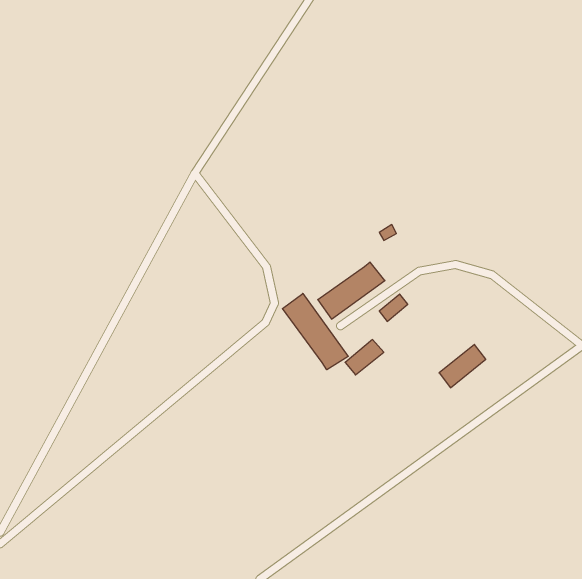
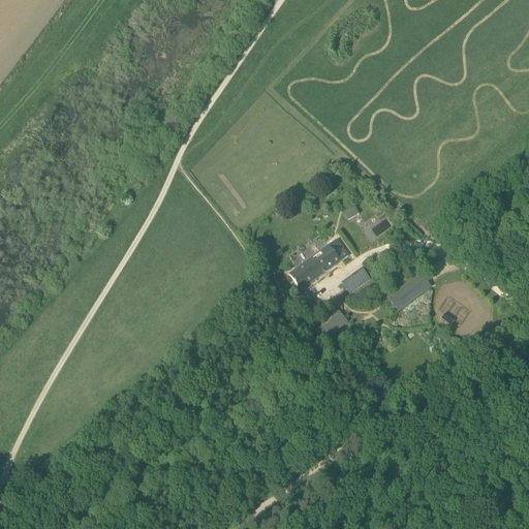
building: [282,293,348,370] -> none
building: [439,344,486,388] -> [388,271,431,310]

